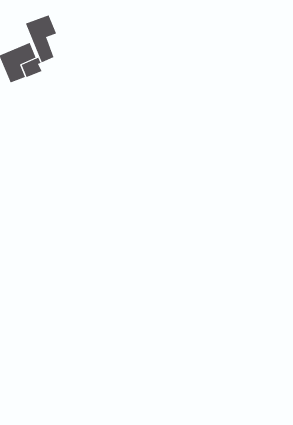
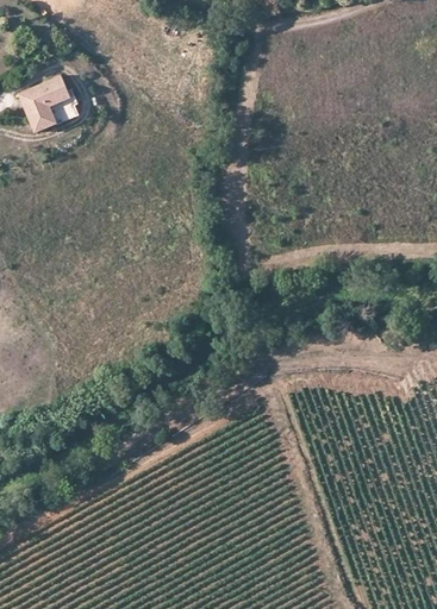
building: [25,15,57,63] -> none

